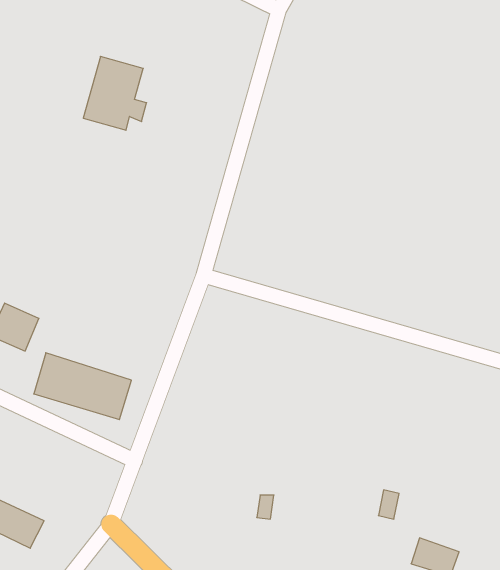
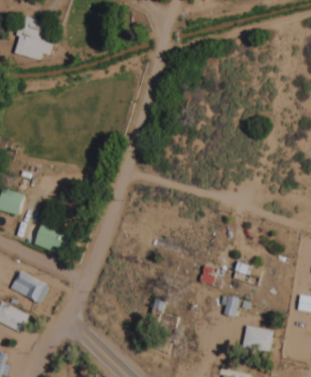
building: [83,56,147,130] -> [13,16,50,59]
building: none -> [13,270,47,303]

